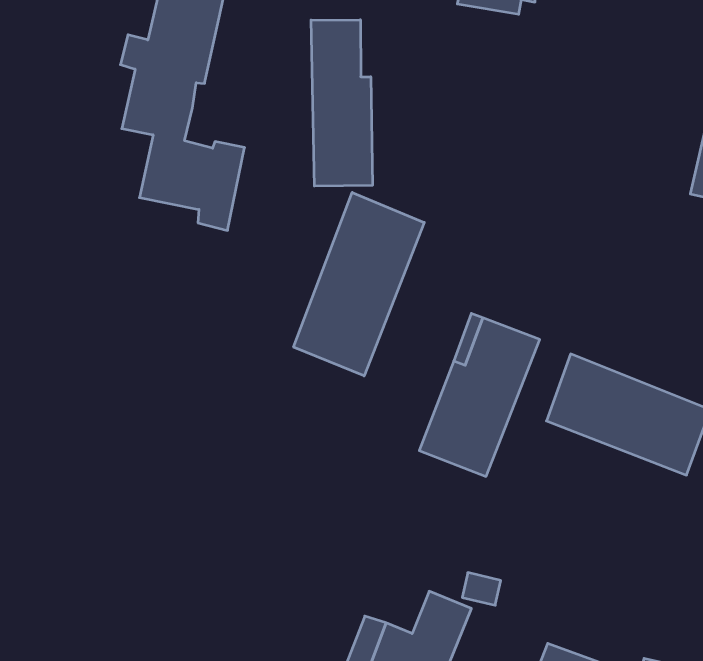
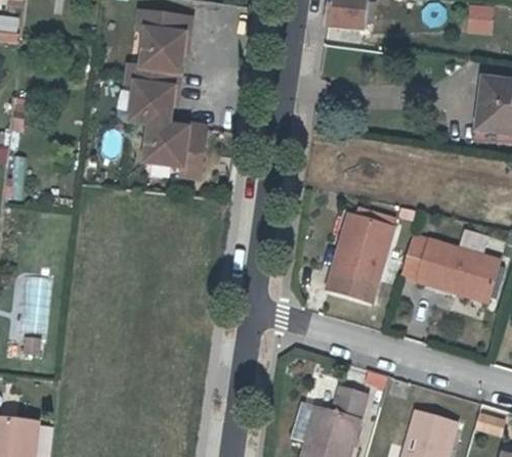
building: [311,20,372,186] -> none
building: [294,192,424,376] -> none

